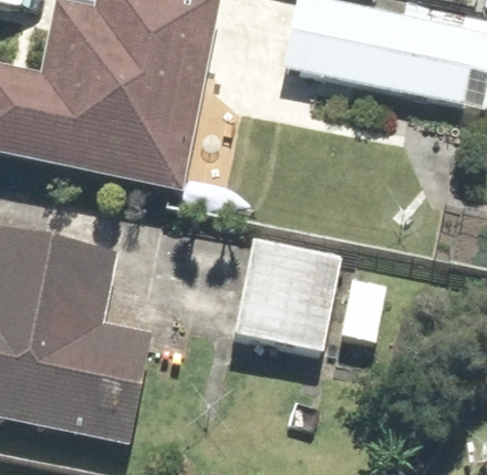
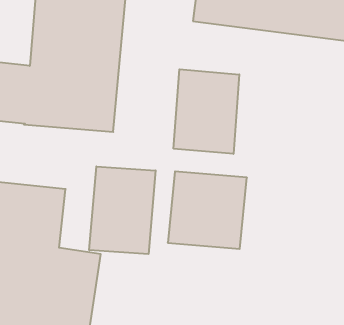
building: none -> [174,69,239,154]
building: none -> [89,166,156,254]

